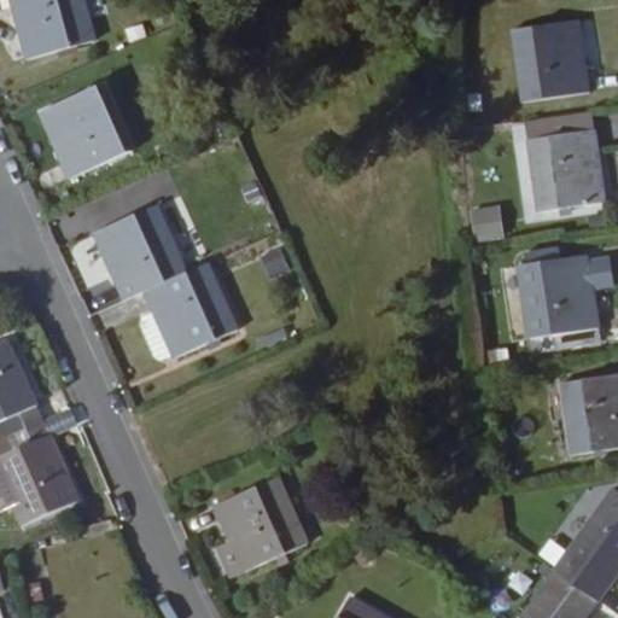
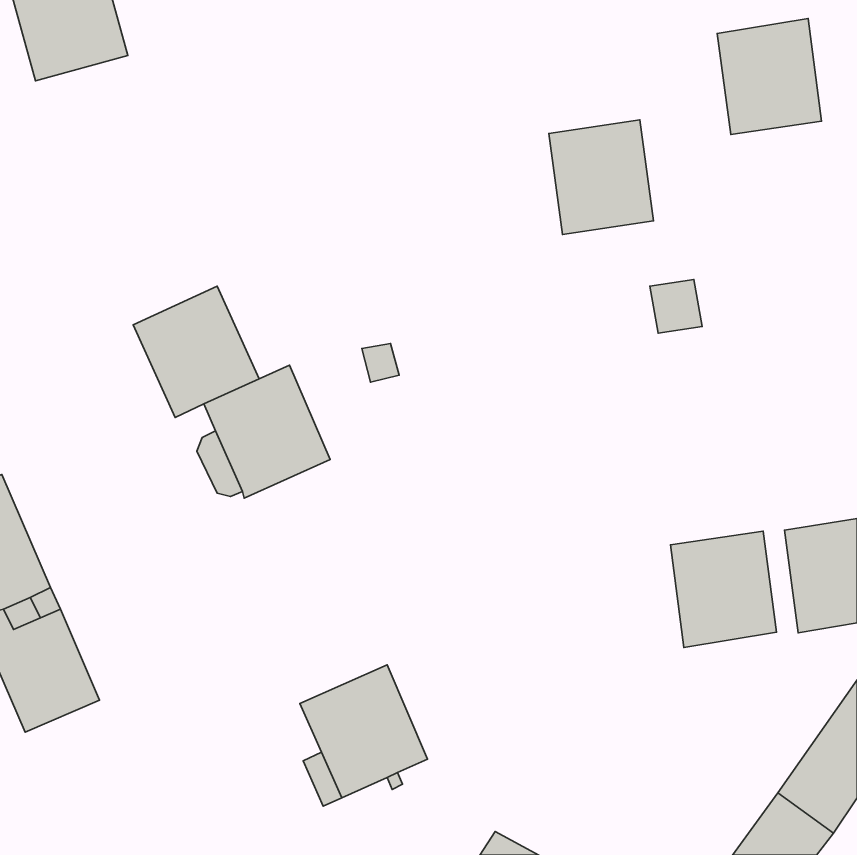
building: [46,93,136,188] -> none
building: [530,129,605,211] -> [549,120,653,234]
building: [521,252,597,336] -> [670,531,776,647]

